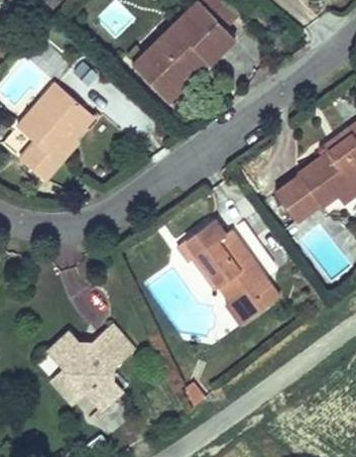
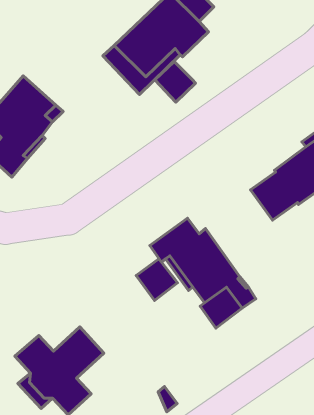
building: none -> [155,61,195,102]
building: none -> [136,259,177,300]

